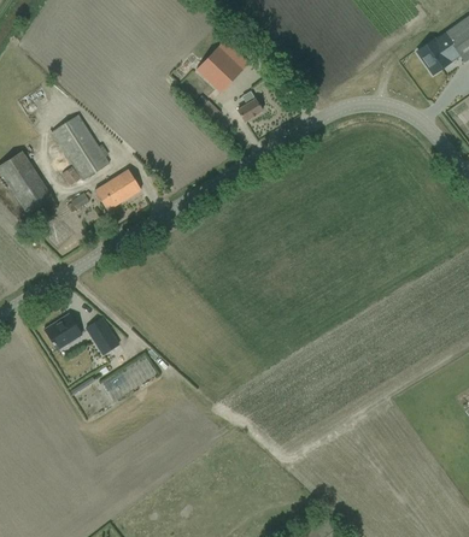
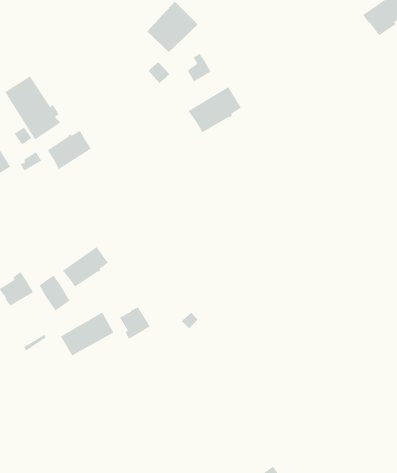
building: none -> [187,86,242,133]
building: none -> [62,246,109,288]
building: none -> [119,306,151,340]

